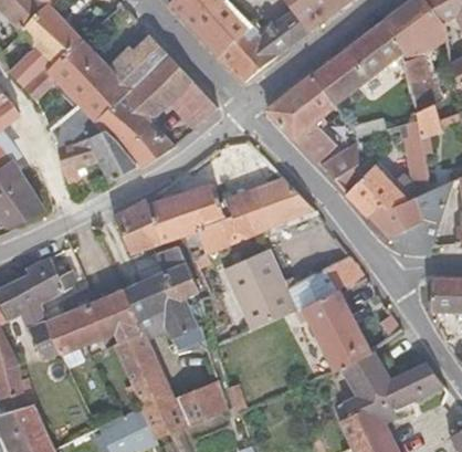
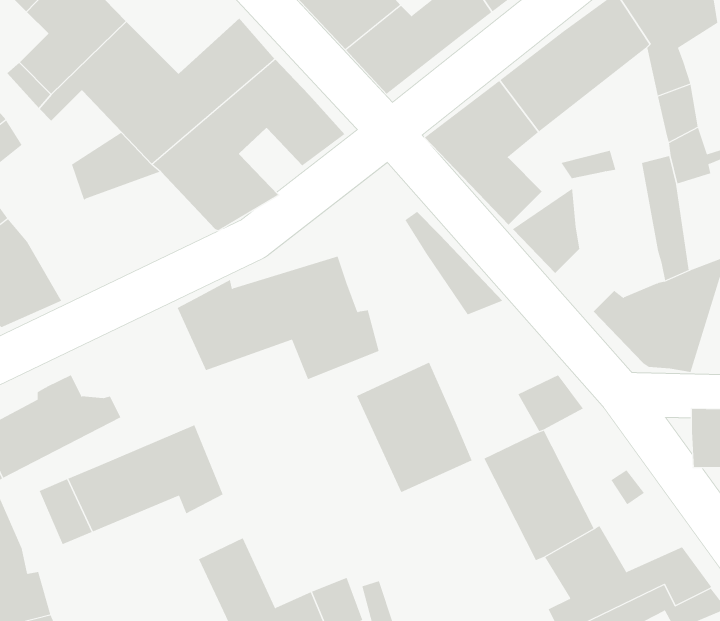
building: [56,132,137,182] -> none
building: [347,158,414,218] -> none
building: [219,182,293,242] -> none
building: [116,245,199,370] -> none
building: [286,269,337,312] -> none

